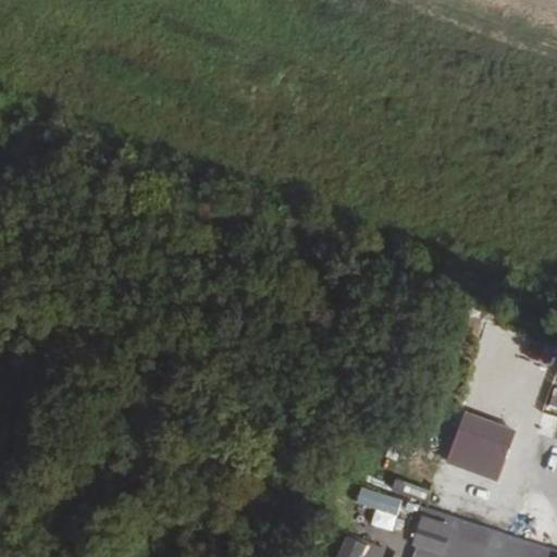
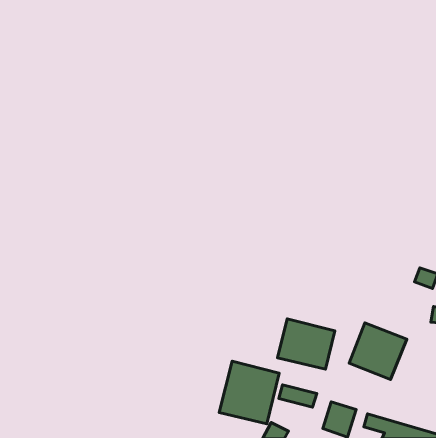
building: none -> [277,319,335,369]
building: none -> [219,361,279,424]

